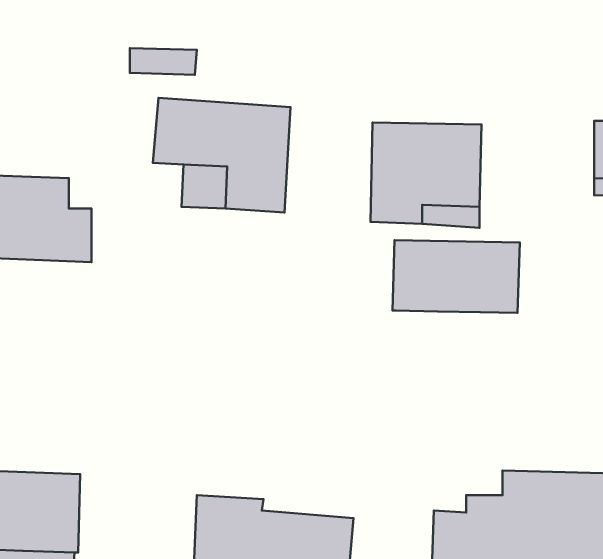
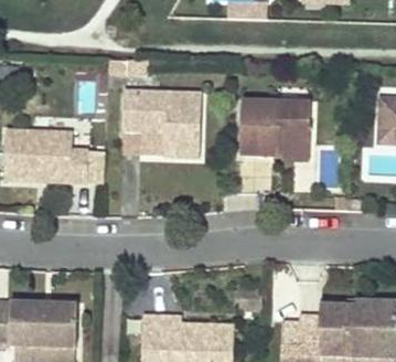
building: [392,240,520,313] -> none

